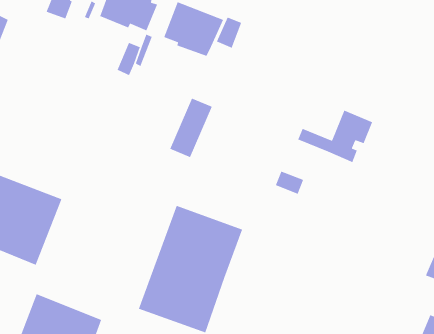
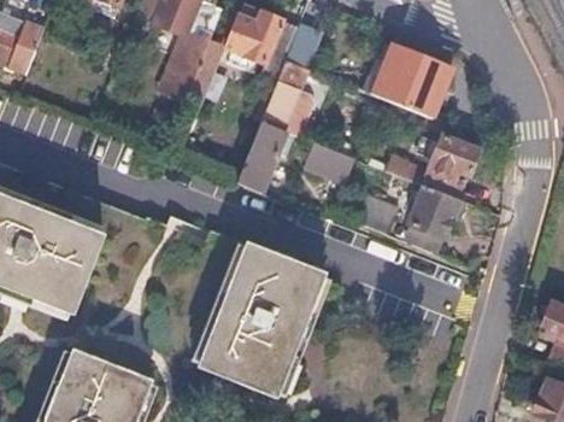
building: none -> [260,58,310,128]
building: none -> [387,58,448,112]
building: none -> [304,140,353,181]
building: none -> [406,183,458,236]

